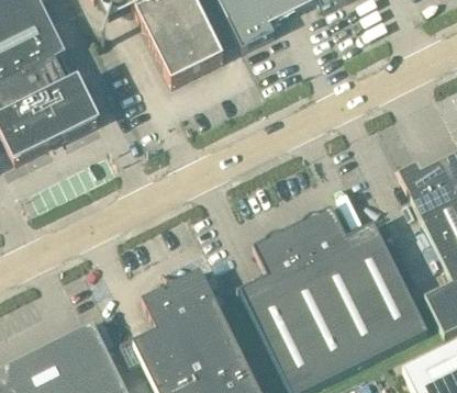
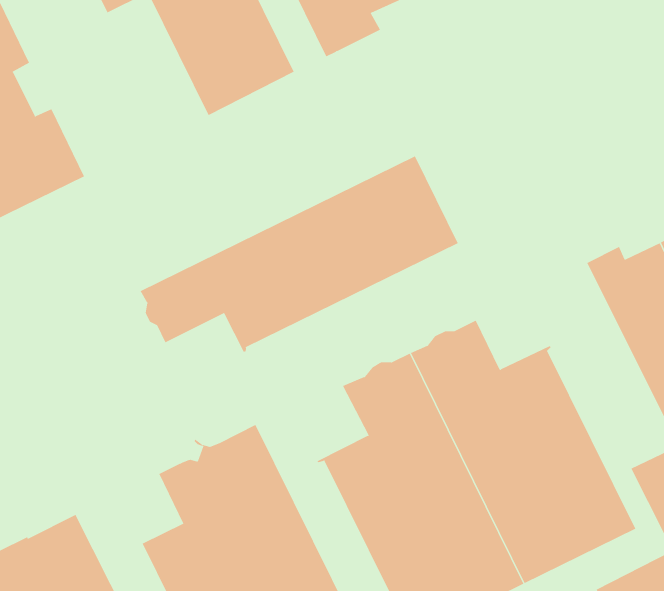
building: none -> [140,155,459,353]

